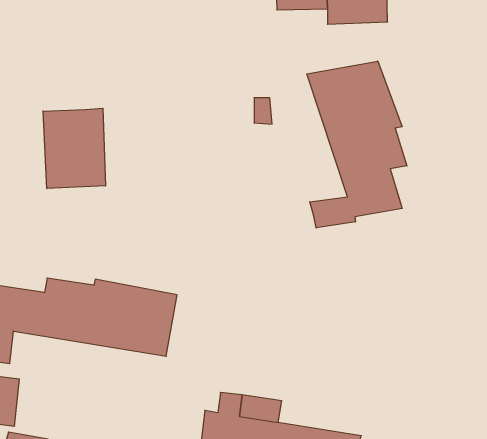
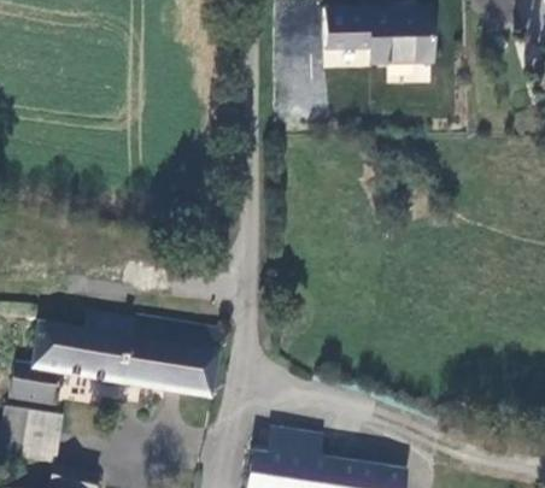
building: [307,61,407,228] -> none
building: [43,108,105,189] -> none

